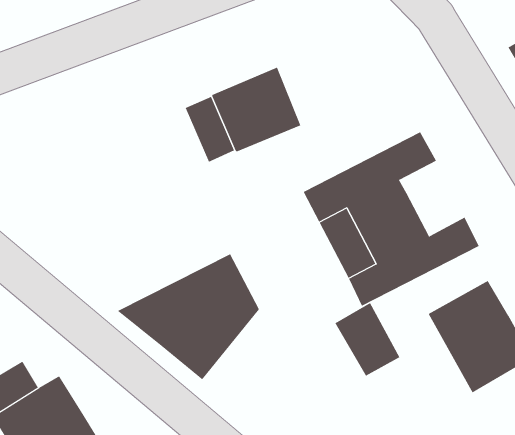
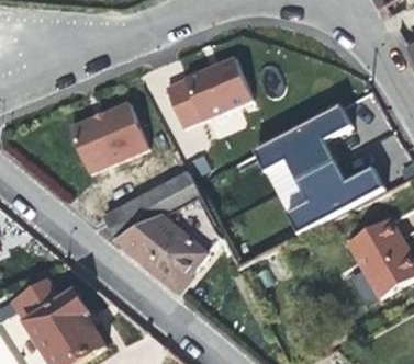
building: none -> [65,100,144,170]
building: none -> [104,175,200,241]
building: [335,302,400,377] -> none

